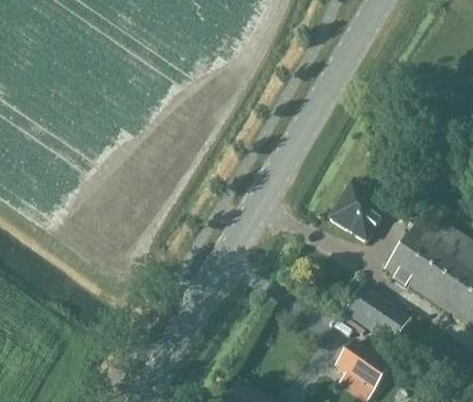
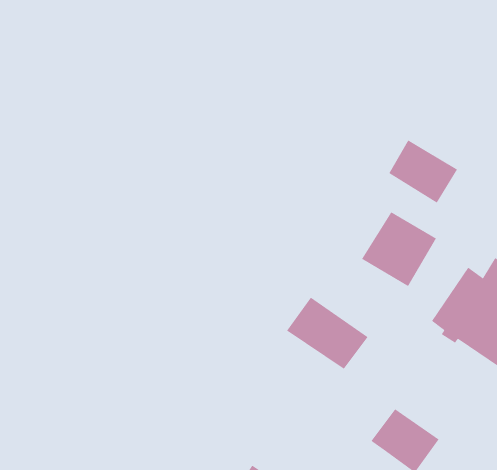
building: none -> [389,140,458,204]
building: [344,287,411,347] -> [286,297,369,370]

